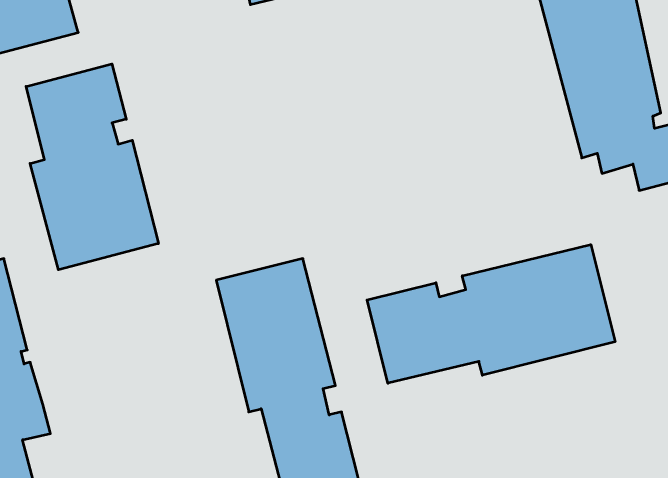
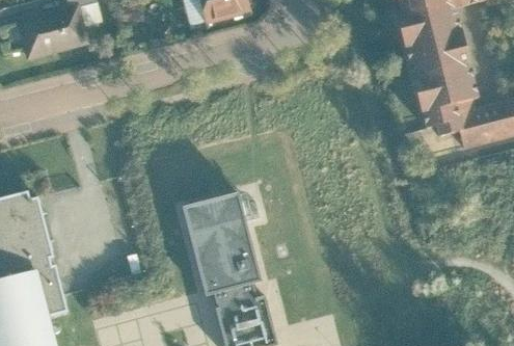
building: [26,64,158,270] -> none
building: [367,245,615,383] -> none

